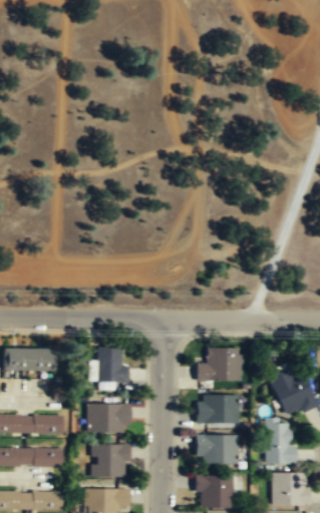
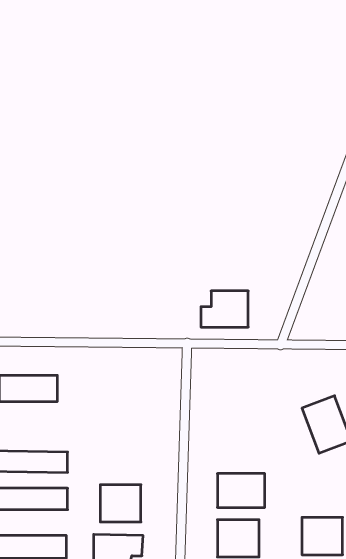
building: [90,347,129,382] -> none
building: [198,349,240,381] -> [201,291,248,327]
building: [197,396,239,424] -> none
building: [87,404,131,432] -> none
building: [267,422,296,465] -> none

